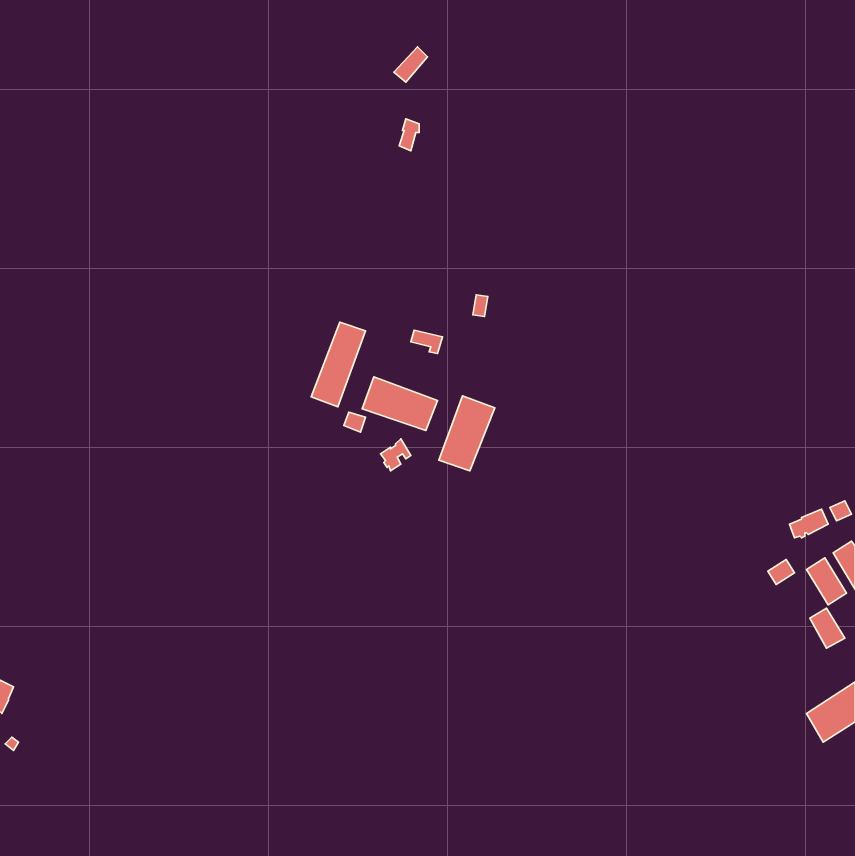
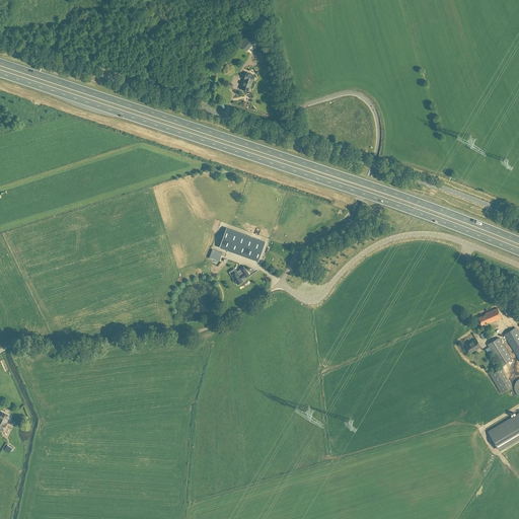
building: [311,322,366,407] -> none
building: [439,396,495,471] -> none

